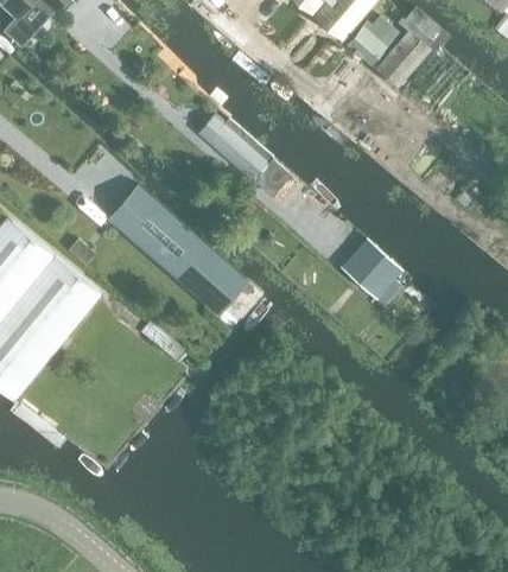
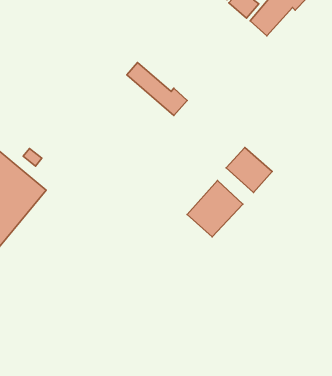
building: [110,188,246,313] -> none
building: none -> [187,181,243,237]

